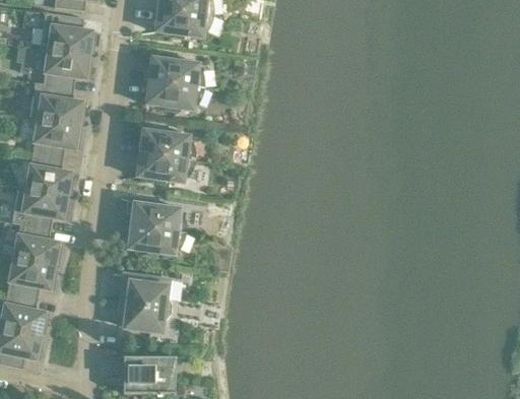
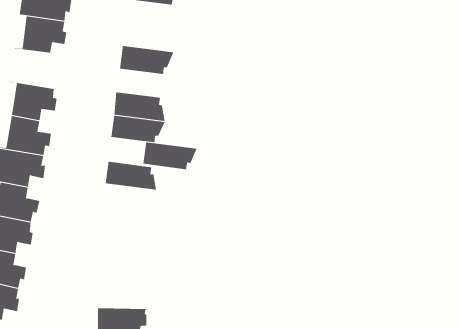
building: [148,56,203,86] -> none
building: [28,82,85,125] -> none
building: [127,224,185,254] -> [143,142,198,170]
building: [120,273,171,331] -> none

